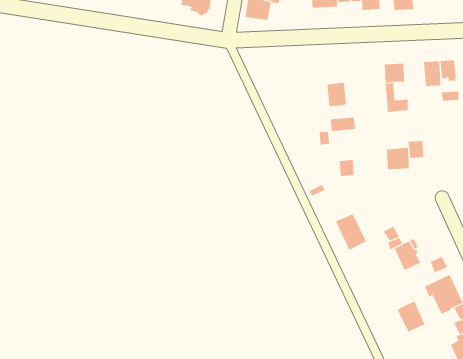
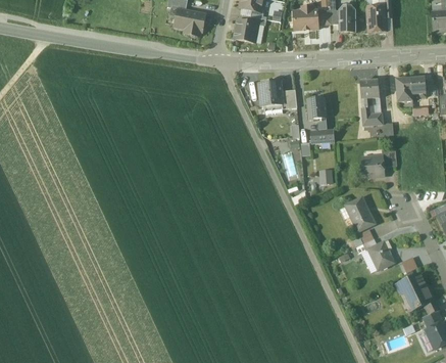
building: none -> [258,81,292,108]
building: [335,213,367,250] -> [346,197,375,231]
building: [397,301,425,333] -> none

